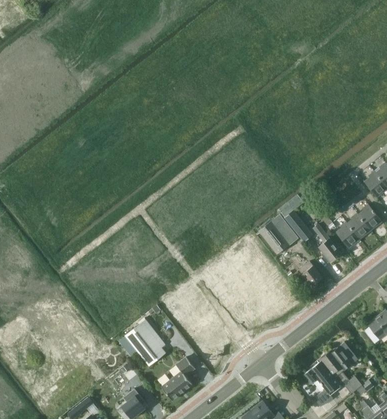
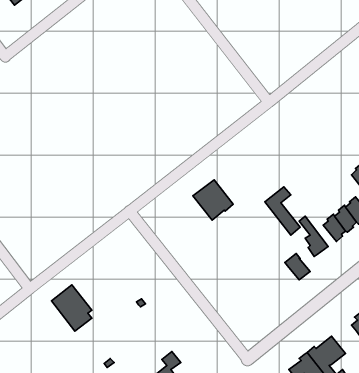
building: [258,214,298,254] -> [193,180,233,220]
building: [125,319,165,365] -> [52,285,92,331]

